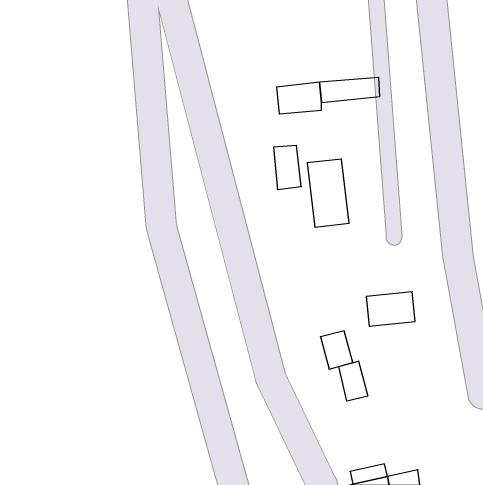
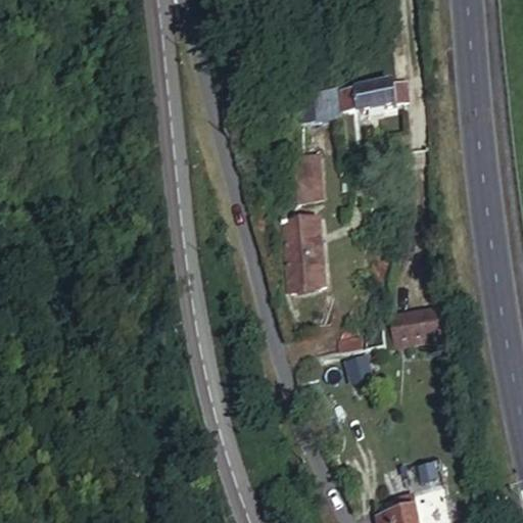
building: [307,159,349,227] -> [282,218,327,290]
building: [339,361,368,401] -> none

